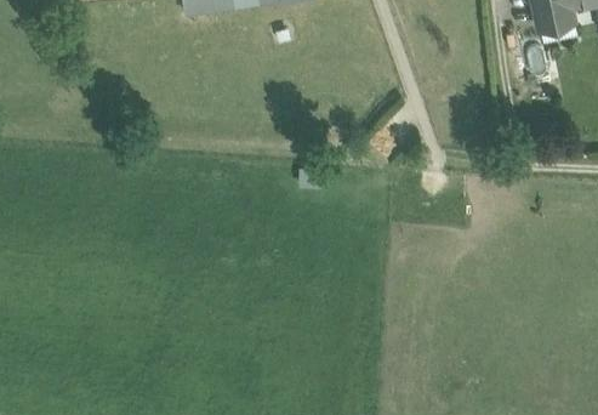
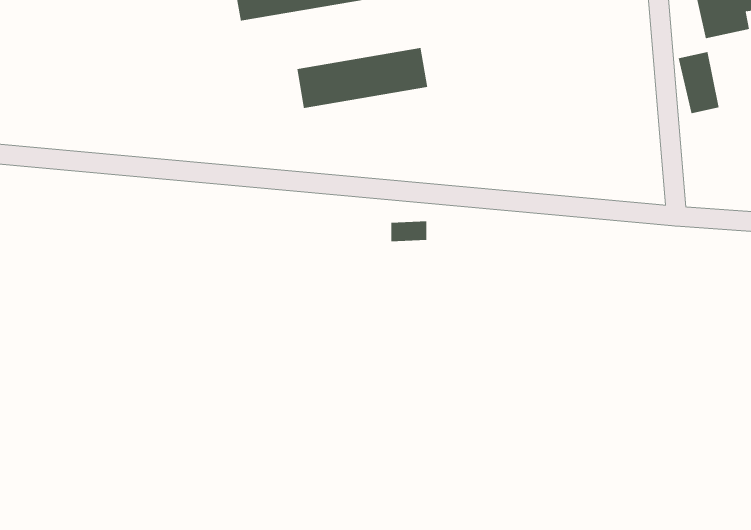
building: none -> [297,47,428,109]

